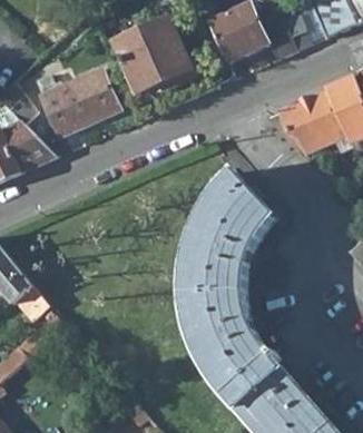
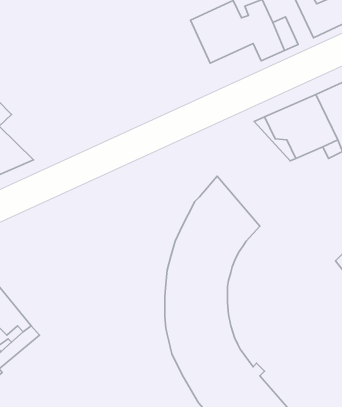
building: [116,18,196,90] -> none
building: [36,69,119,135] -> none

